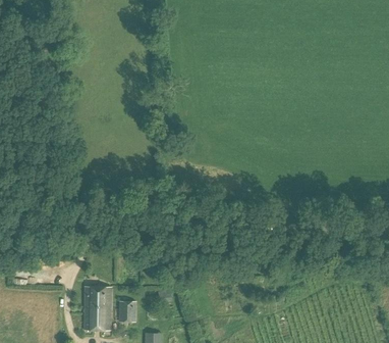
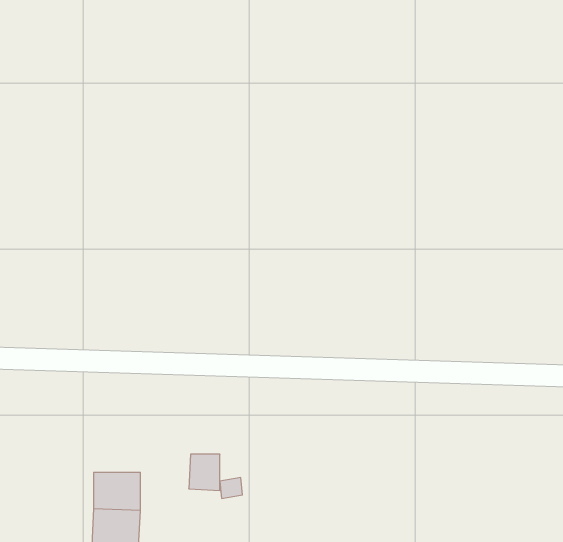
building: [118,300,136,322] -> [189,454,220,491]

